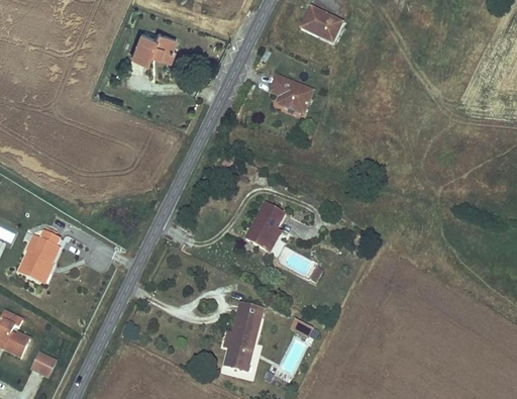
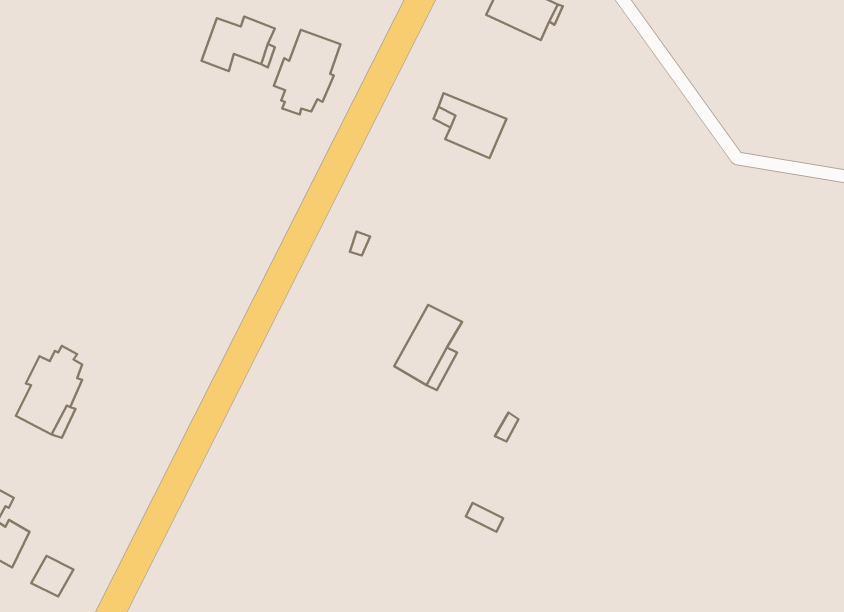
building: none -> [274,30,341,114]
building: [223,302,260,368] -> none

